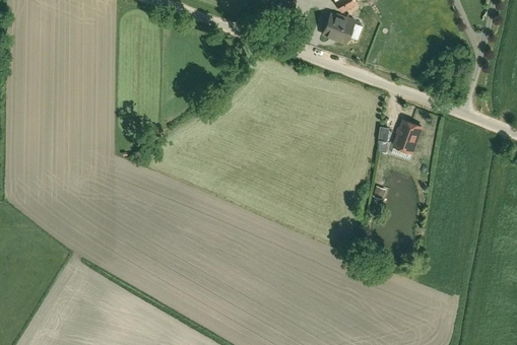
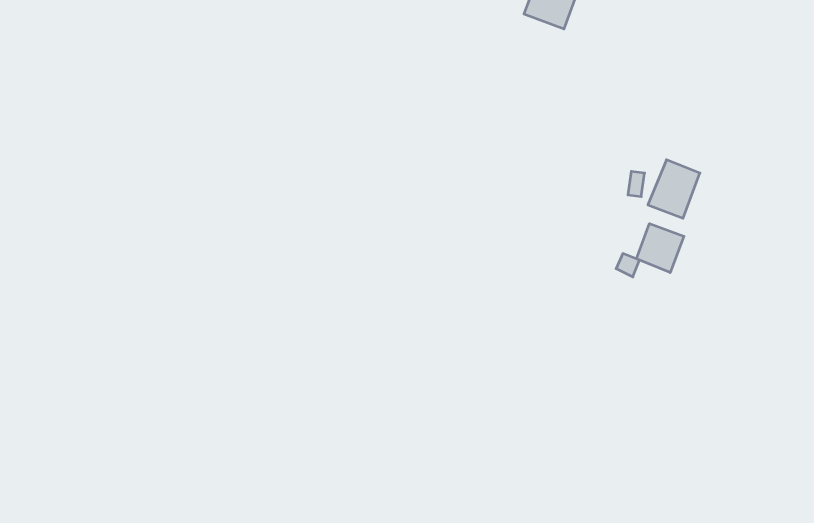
building: none -> [637,224,684,273]

